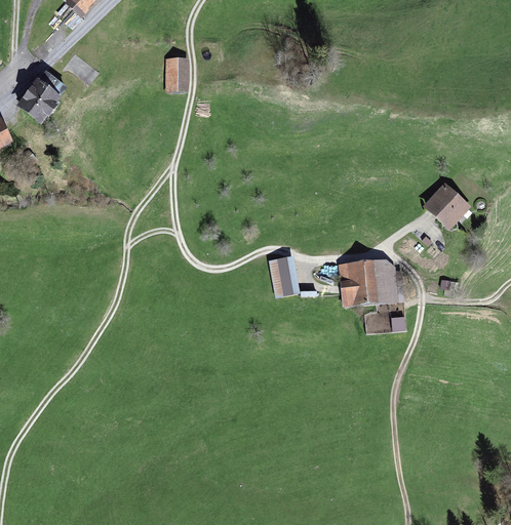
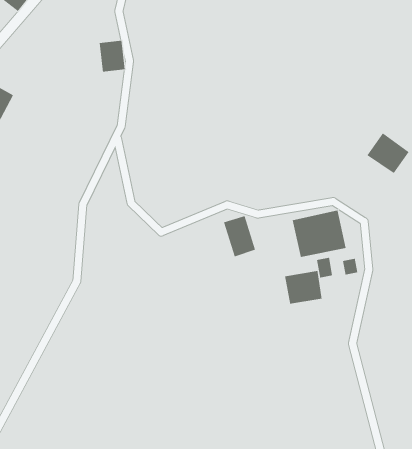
building: none -> [285,270,322,305]

